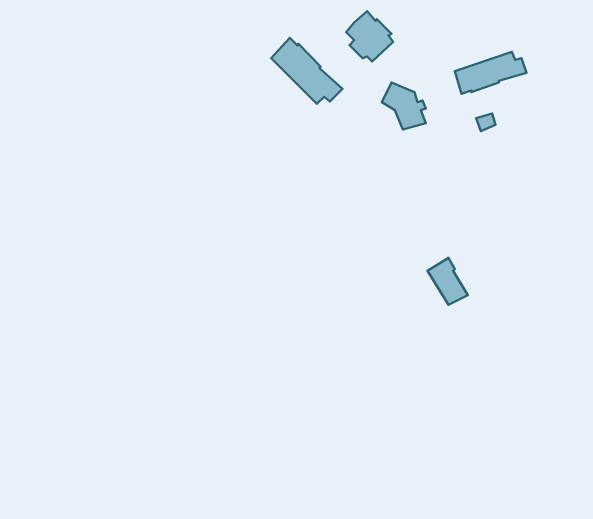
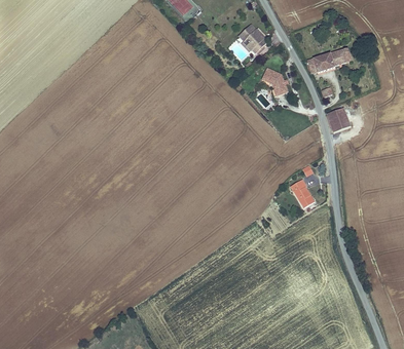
building: [271,38,342,104] -> none
building: none -> [327,107,352,132]

